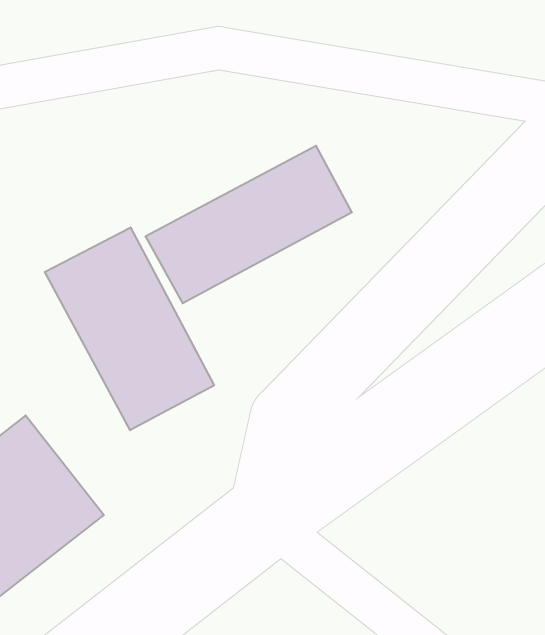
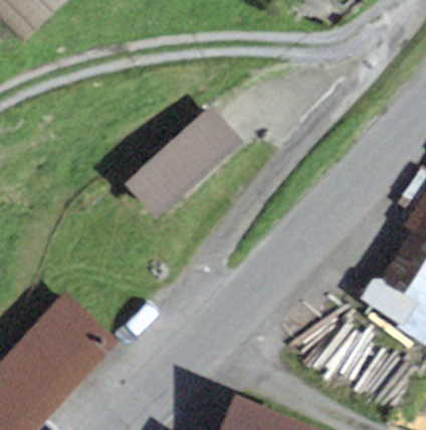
building: [45,227,214,430] -> none

